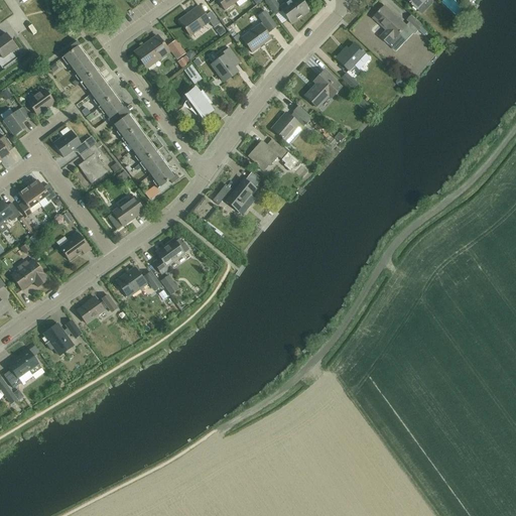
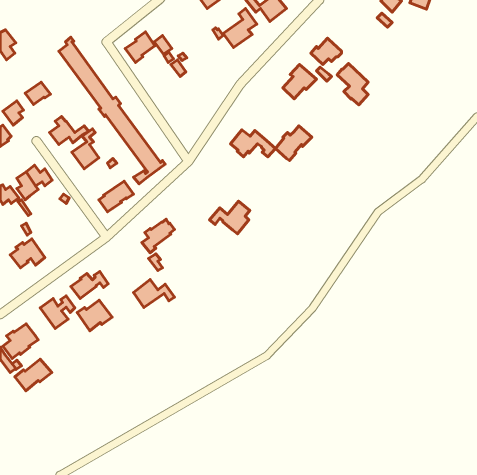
building: [180,4,220,34] -> none
building: [374,5,407,49] -> [337,64,368,105]
building: [212,47,238,81] -> none
building: [183,88,211,116] -> none
building: [273,105,312,142] -> [275,126,312,161]
building: [213,178,256,214] -> [210,201,250,234]
building: [59,232,91,260] -> none
building: [116,266,160,296] -> [133,279,175,307]
building: none -> [77,300,112,331]
building: none -> [15,359,52,391]

